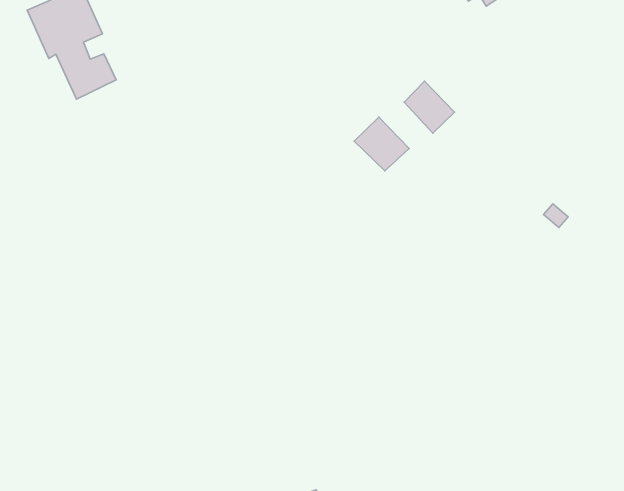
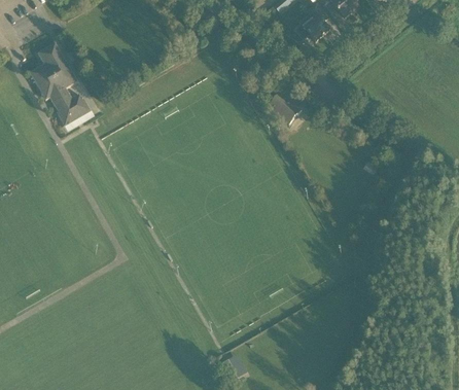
building: [354,117,409,171] -> none

